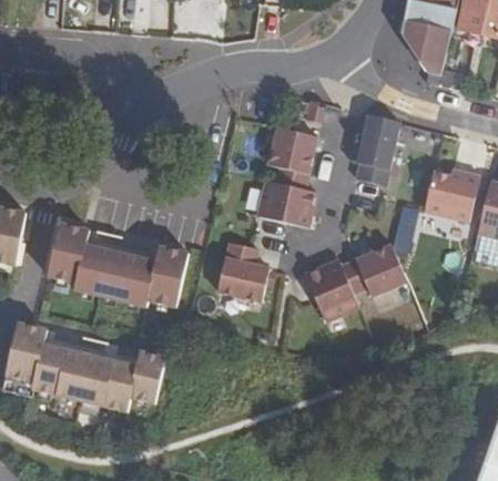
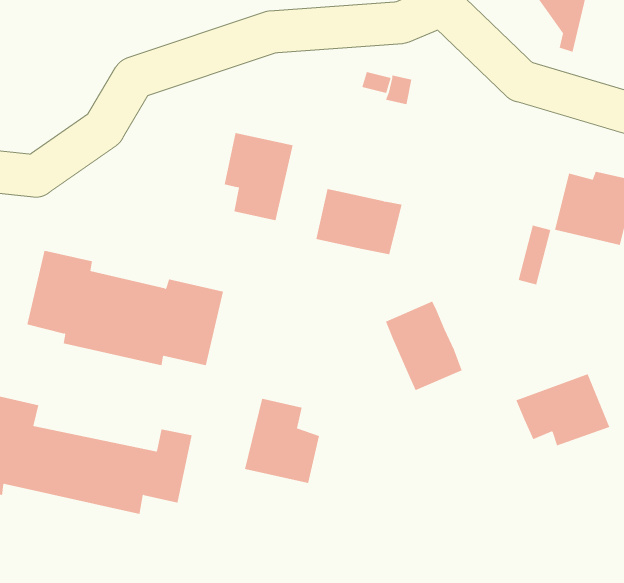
building: [355,114,398,185] -> none
building: [267,127,316,190] -> [224,132,293,221]
building: [215,243,268,303] -> [244,398,320,483]
building: [341,247,407,298] -> [515,373,610,446]

